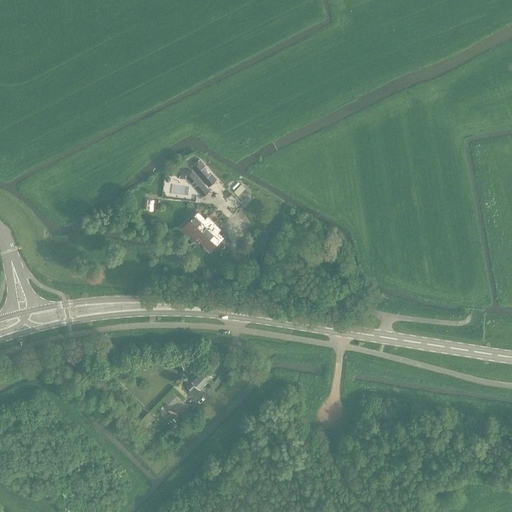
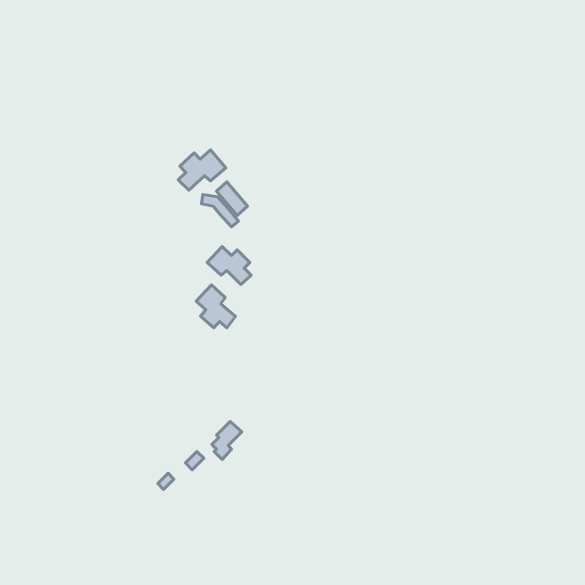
building: none -> [178,150,226,190]
building: none -> [196,285,236,328]

